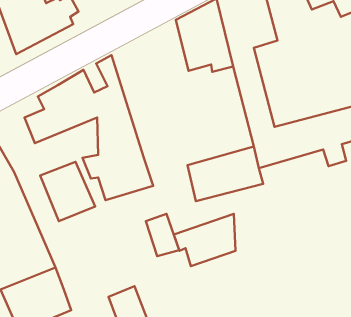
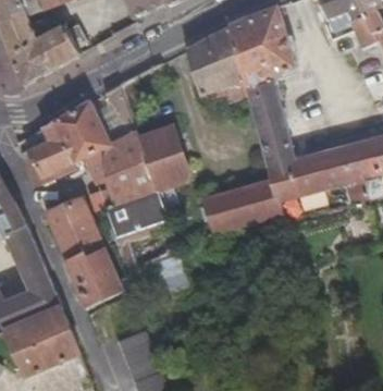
building: none -> [138,131,187,193]
building: none -> [65,244,124,307]
building: [174,214,236,266] -> none

